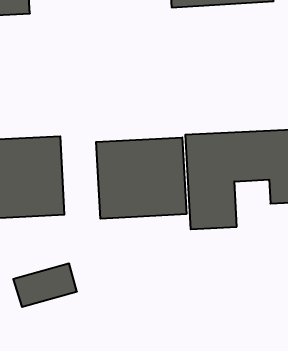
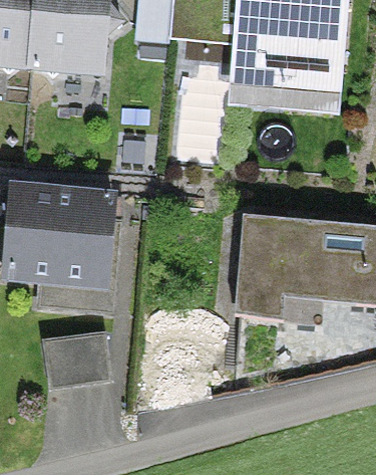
building: [96,137,186,219] -> none

